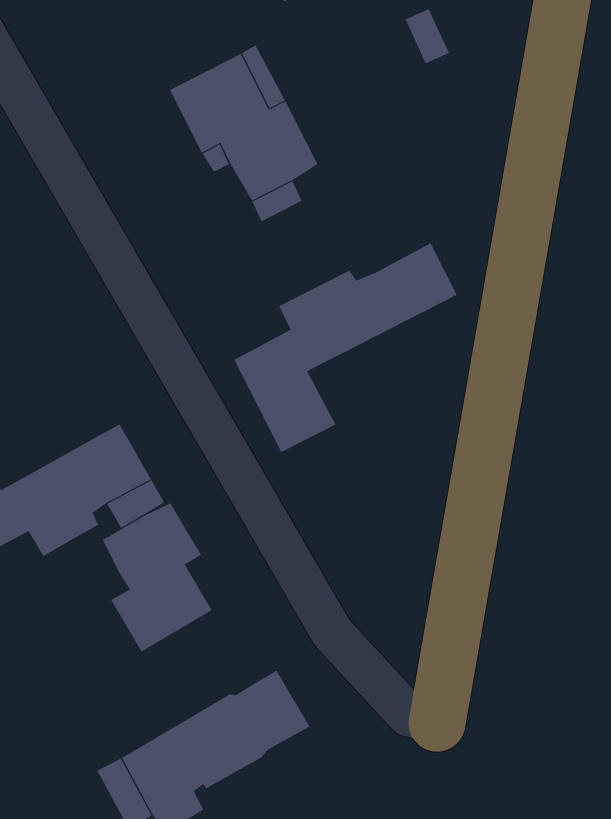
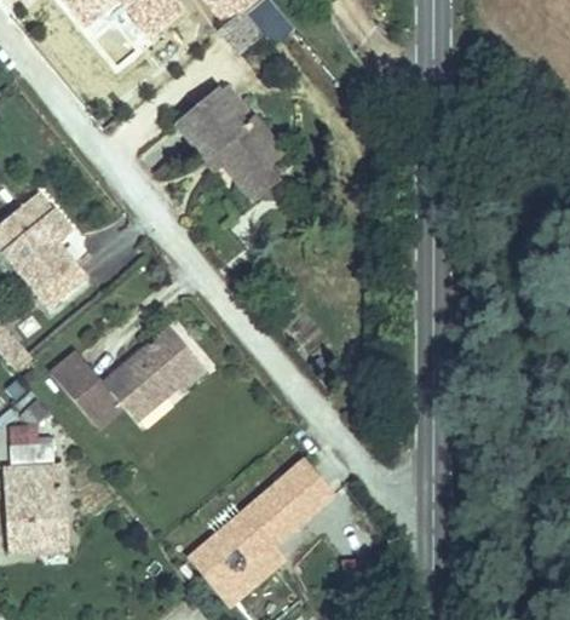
building: [234,243,457,453] -> none
building: [102,502,213,653] -> none

